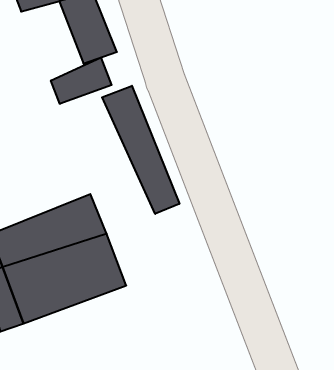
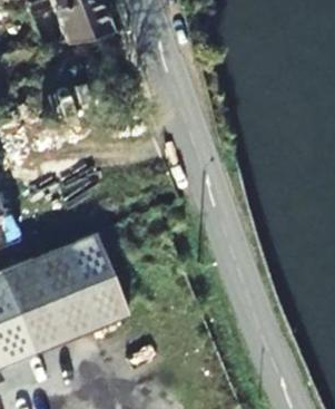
building: [51,58,112,104] -> none
building: [102,86,179,214] -> none

